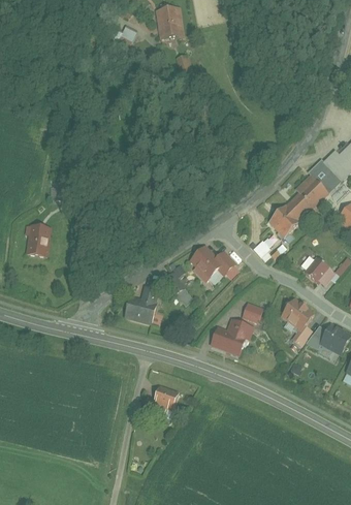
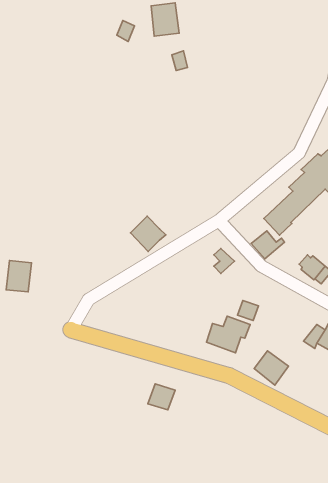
building: [26,225,51,256] -> [6,261,31,292]
building: [188,244,223,279] -> [130,216,166,252]
building: [125,288,157,323] -> none
building: [280,297,314,332] -> [254,351,288,385]

